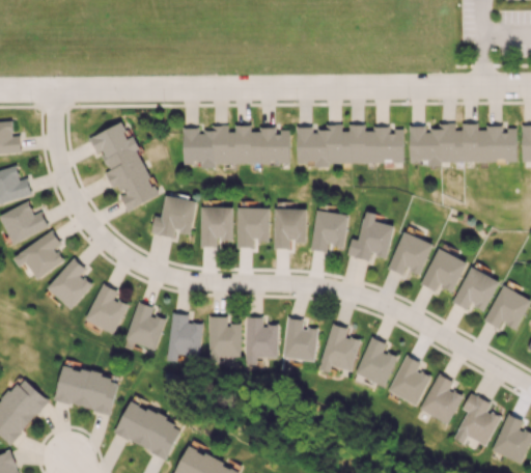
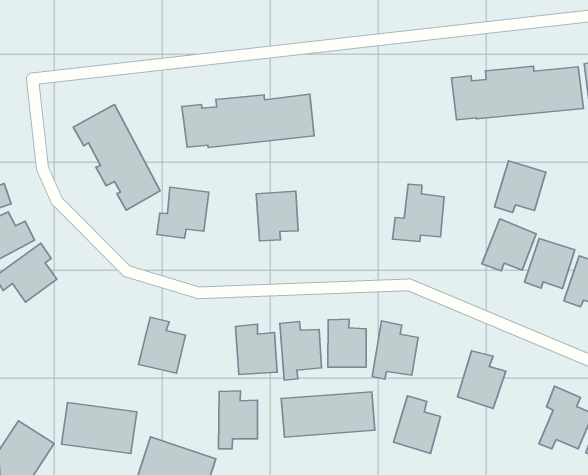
building: [297,124,404,167] -> none
building: [200,206,234,247] -> none
building: [274,208,307,249] -> none
building: [311,211,348,252] -> none
building: [388,231,434,275] -> [494,161,546,213]
building: [47,258,93,309] -> none
building: [86,283,128,334] -> none
building: [167,313,203,362] -> [219,391,257,449]
building: [356,337,397,387] -> [393,396,441,453]
building: [419,373,464,424] -> none
building: none -> [281,392,375,437]

